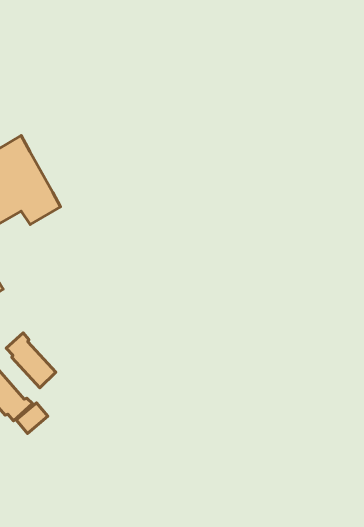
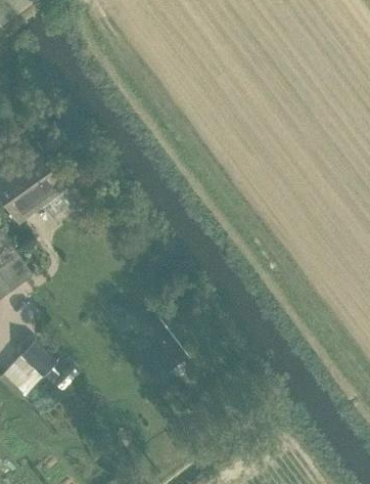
building: [6,333,56,388] -> none

